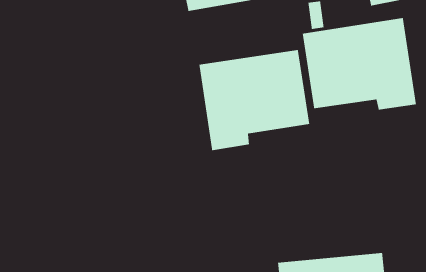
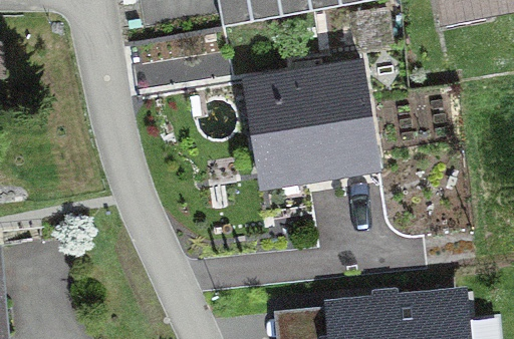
building: [302,17,417,111] -> none

